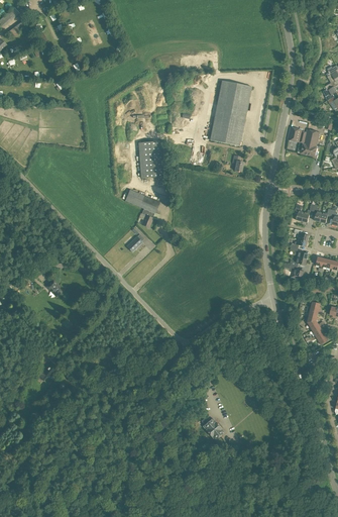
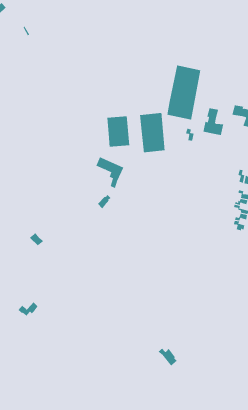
building: none -> [203,107,224,136]
building: none -> [139,112,165,153]

